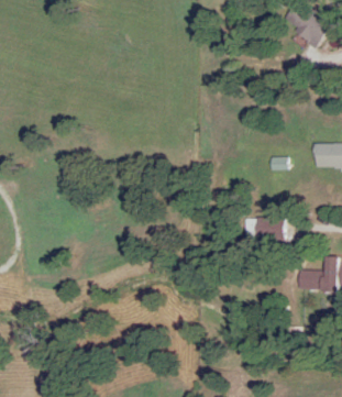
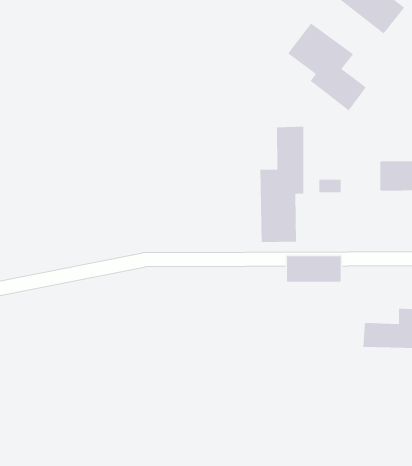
building: none -> [287,22,367,111]
building: none -> [260,126,304,243]

